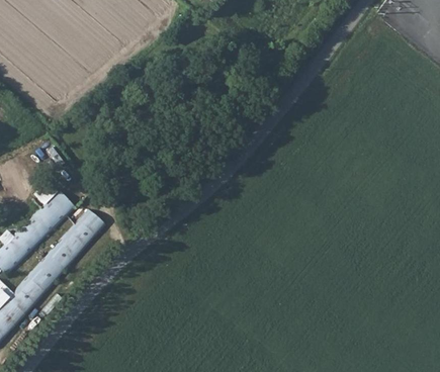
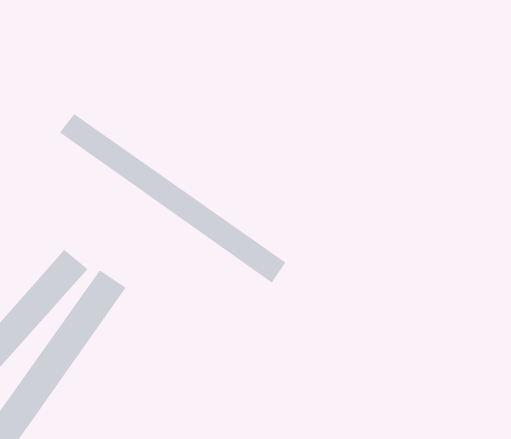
building: none -> [59,113,286,283]

